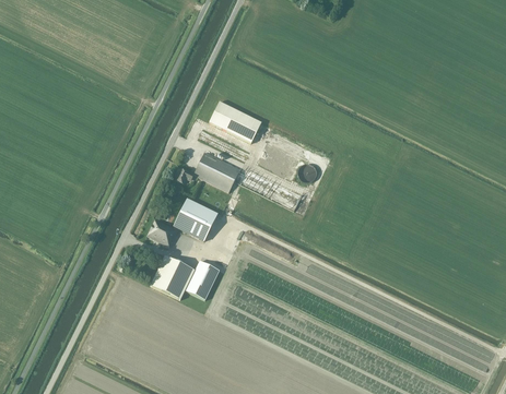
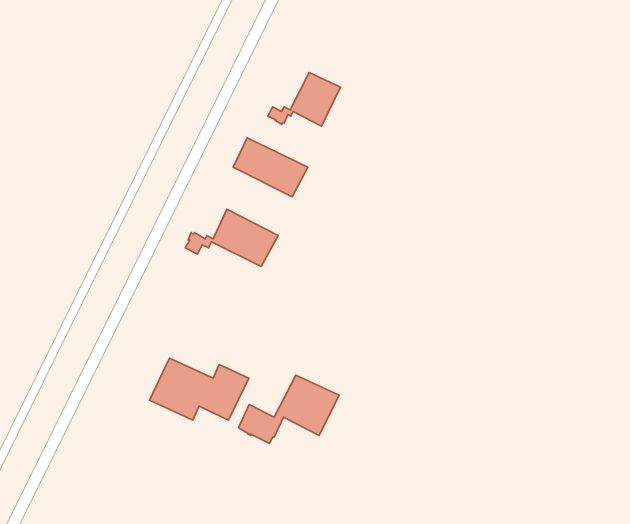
building: none -> [268,73,341,126]
building: [146,198,217,246] -> [238,375,339,443]

